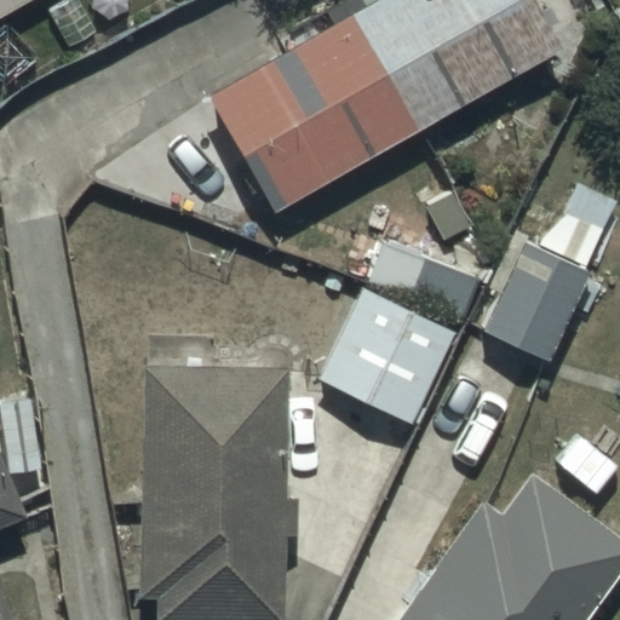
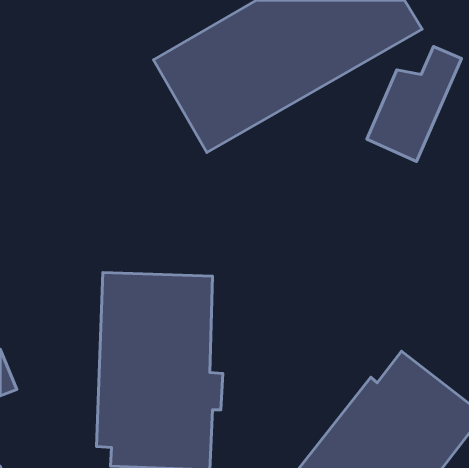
building: [484,214,607,363] -> [367,46,462,162]
building: [321,288,458,424] -> none

